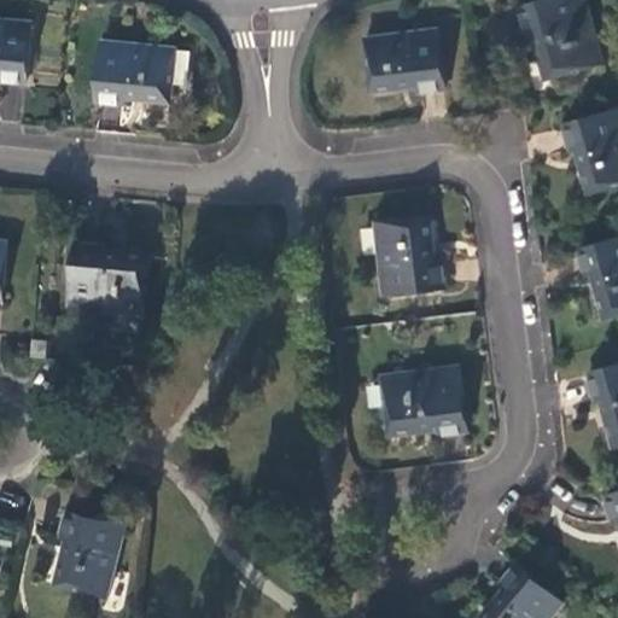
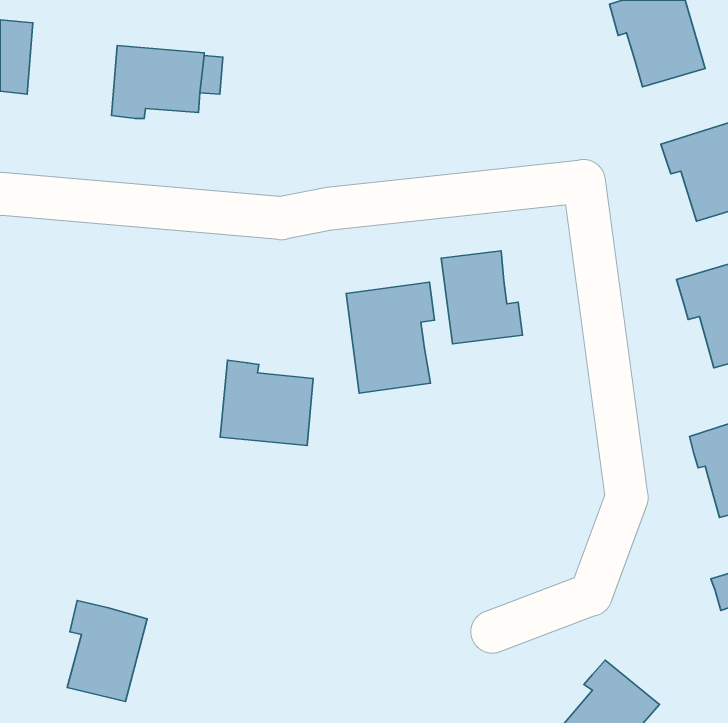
building: [362,31,442,94] -> none
building: [71,243,150,315] -> [220,360,313,446]
building: none -> [346,282,435,393]
building: [384,368,465,436] -> none

